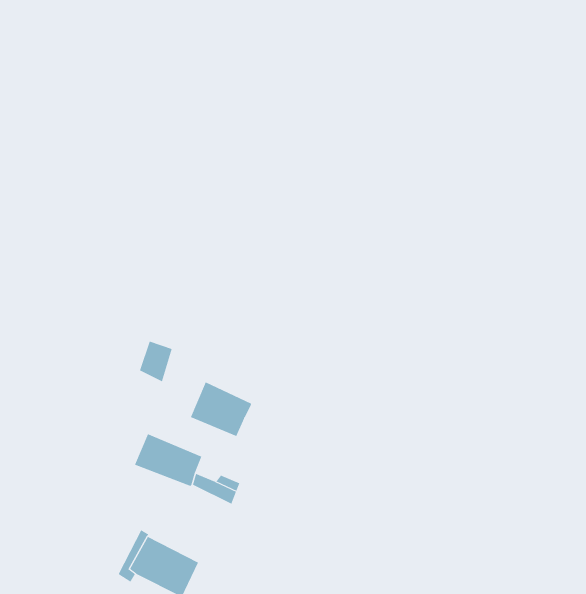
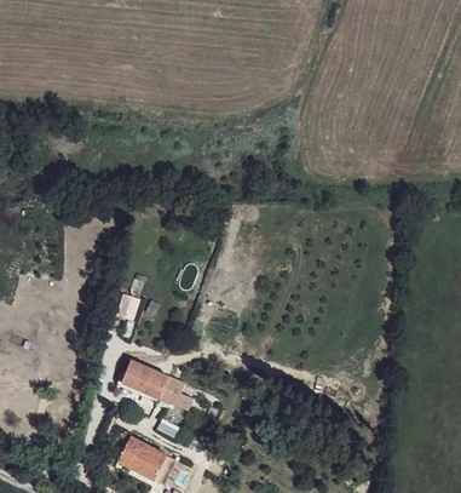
building: [190,381,251,437] -> none

